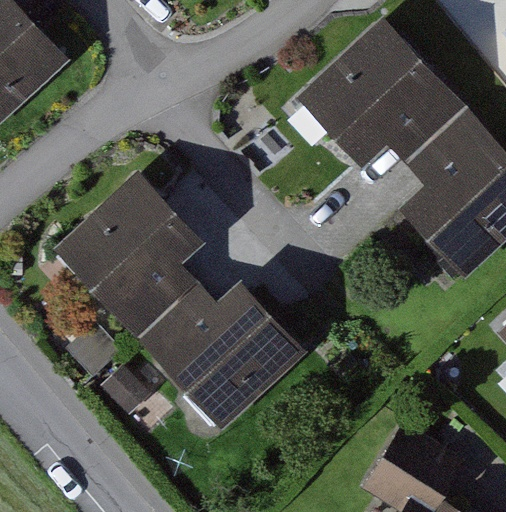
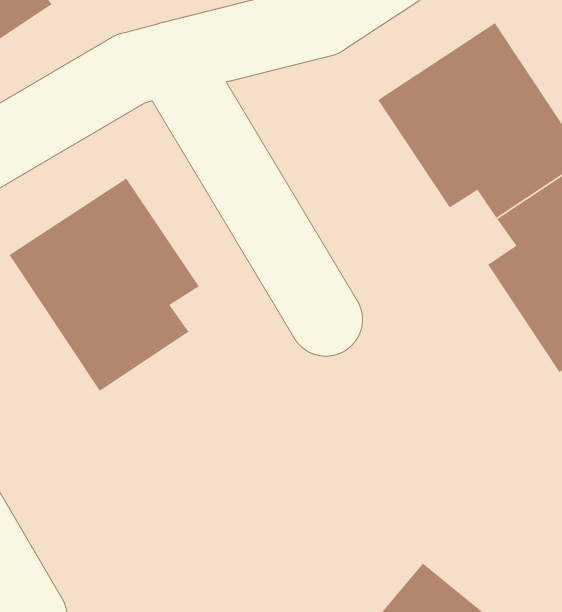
building: [141,284,299,426] -> none

